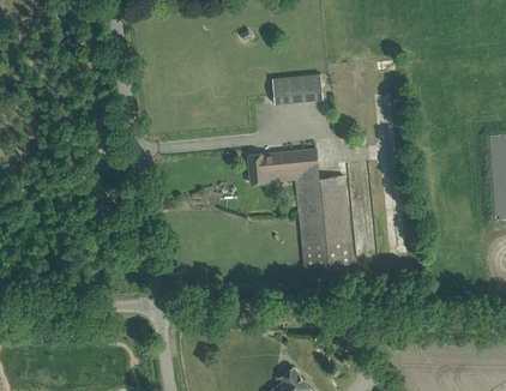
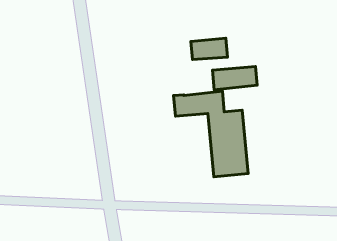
building: none -> [212,66,257,90]

